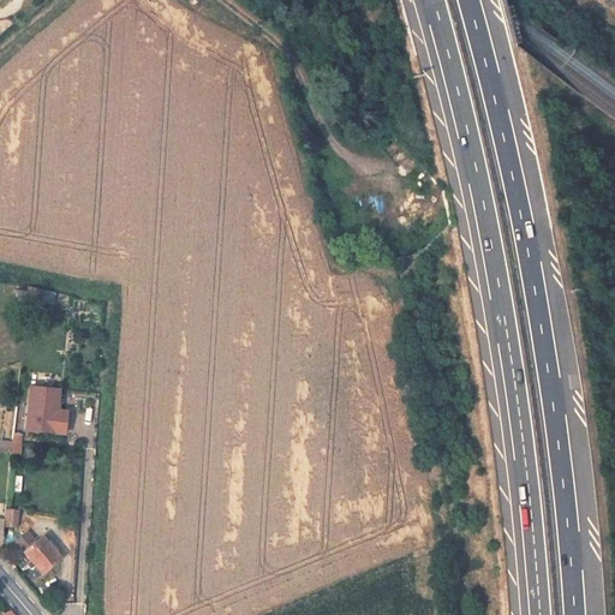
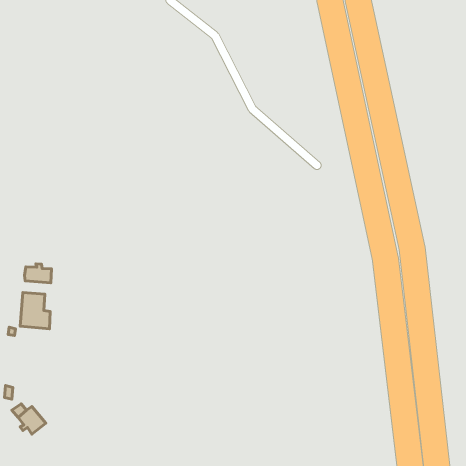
building: none -> [25,264,52,283]

